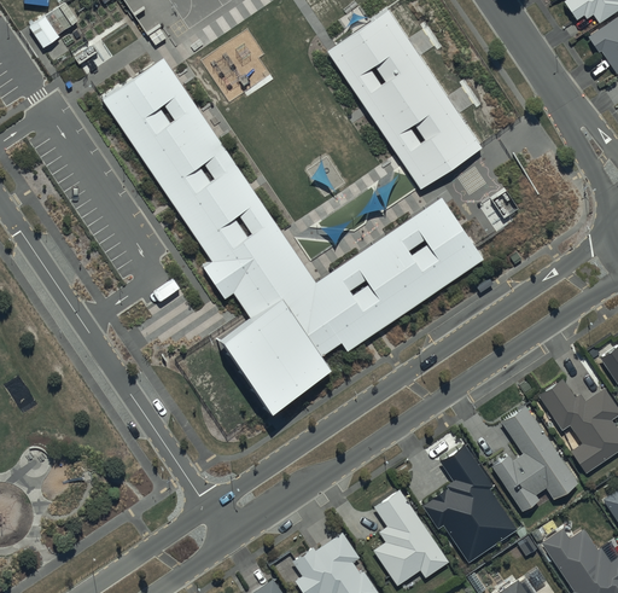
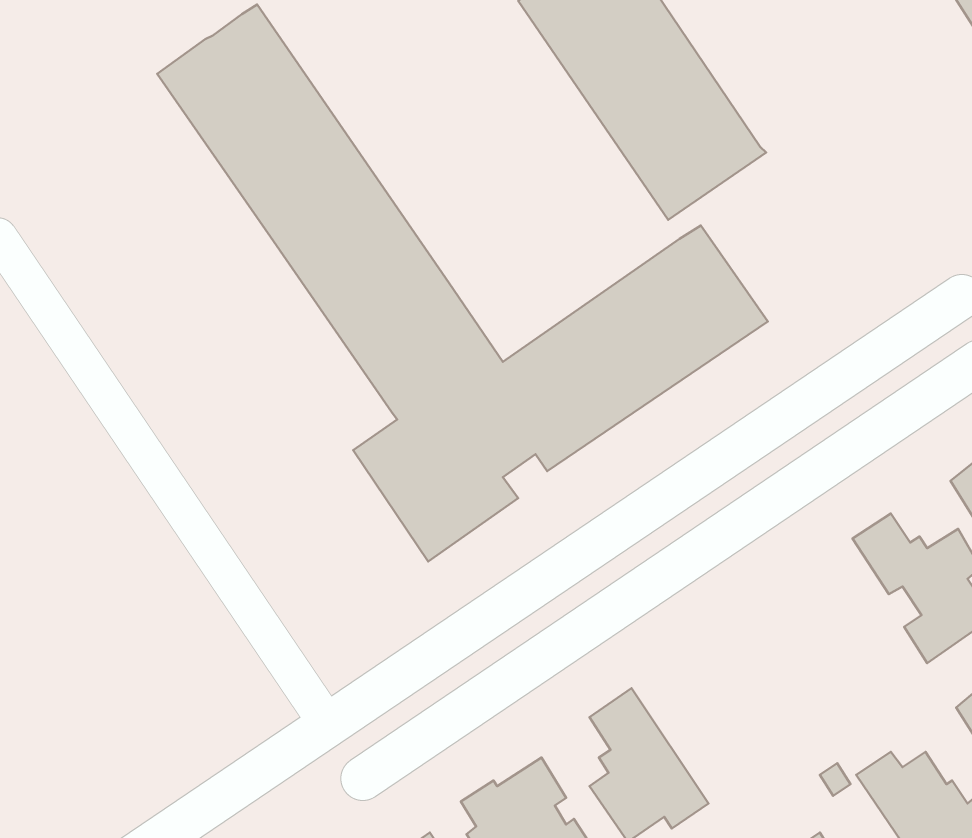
building: [491,403,577,510] -> none
building: [424,443,518,562] -> none

